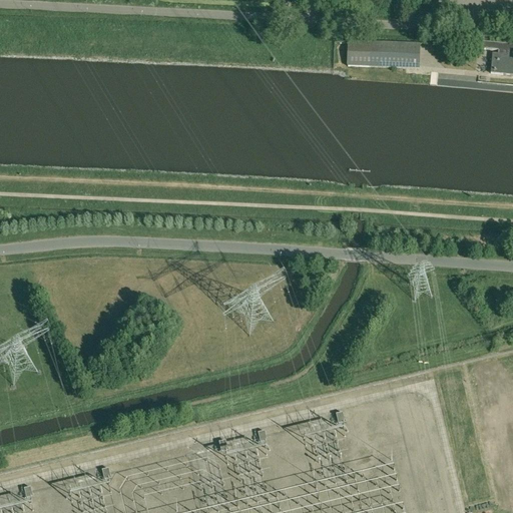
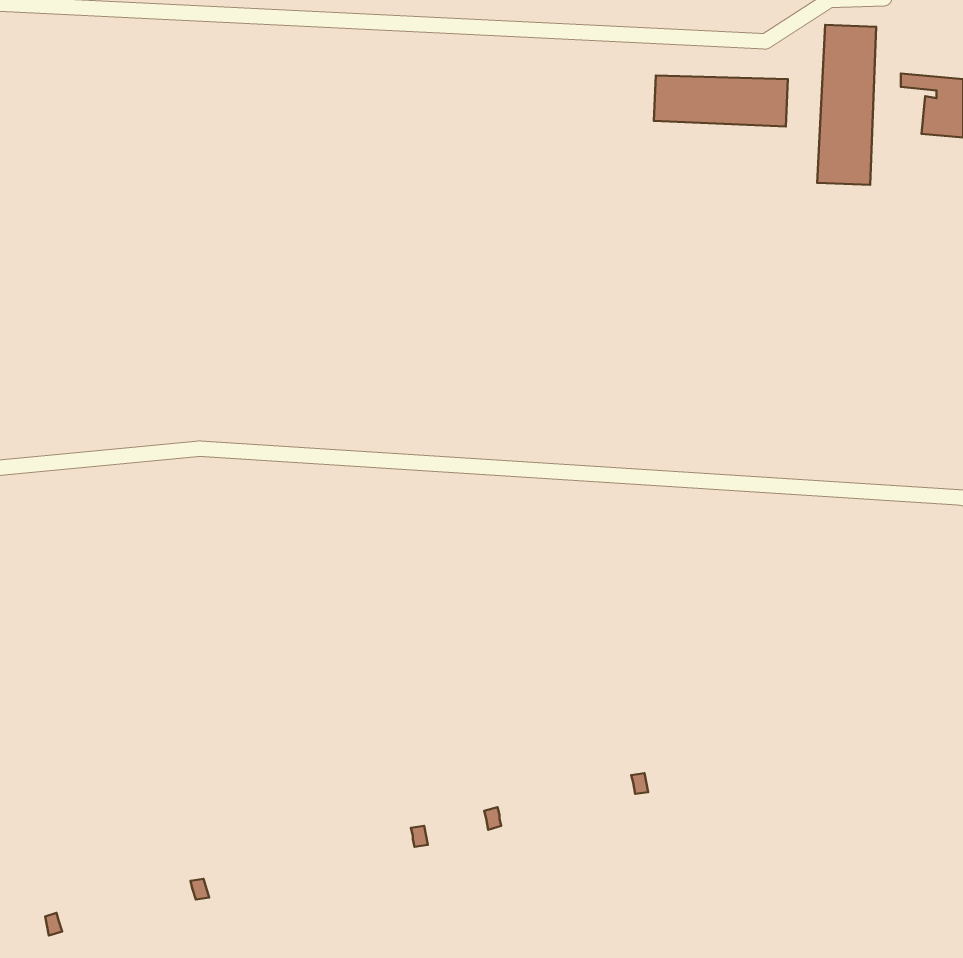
building: none -> [817,25,876,185]

